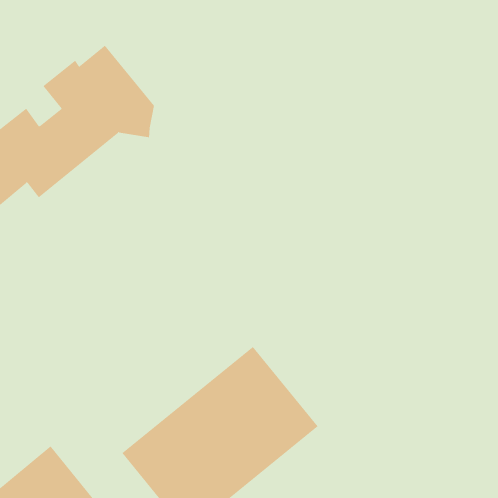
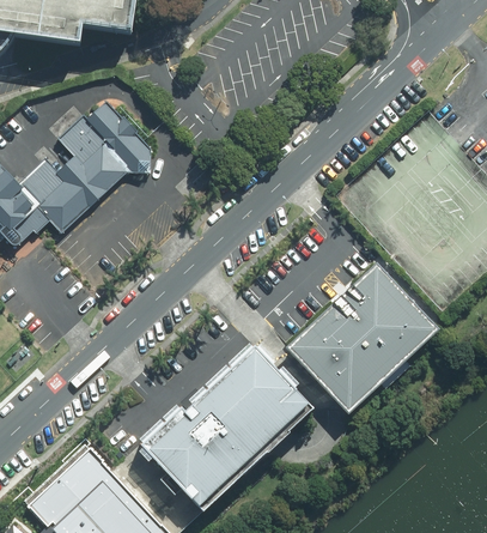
building: none -> [284,261,442,416]

